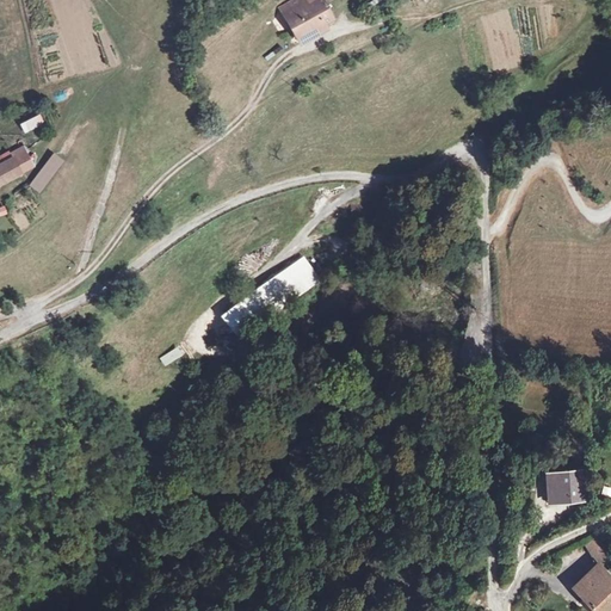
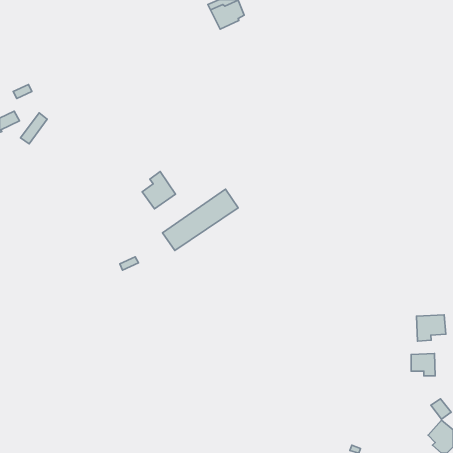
building: none -> [142,172,176,209]
building: none -> [416,315,446,341]

